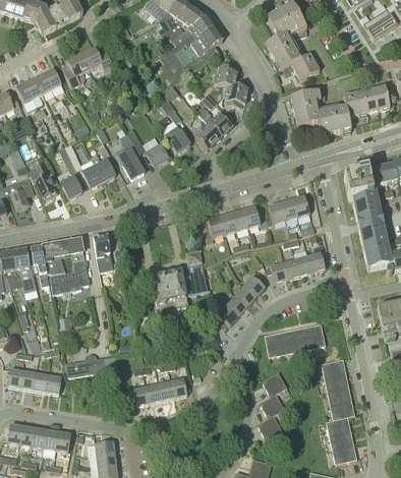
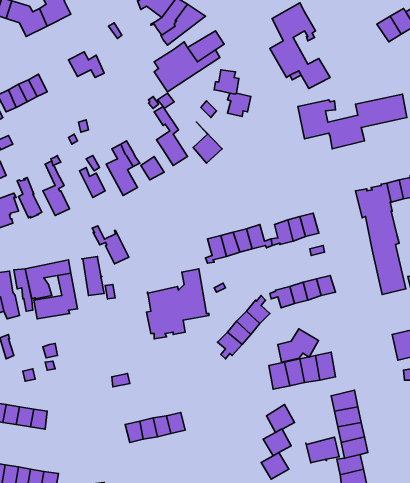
building: [171,15,215,46] -> none
building: [61,55,89,87] -> none
building: [193,104,232,136] -> none
building: [69,153,103,187] -> [92,226,129,264]
building: none -> [278,329,318,362]
building: [65,354,118,376] -> none
building: none -> [306,437,339,463]

